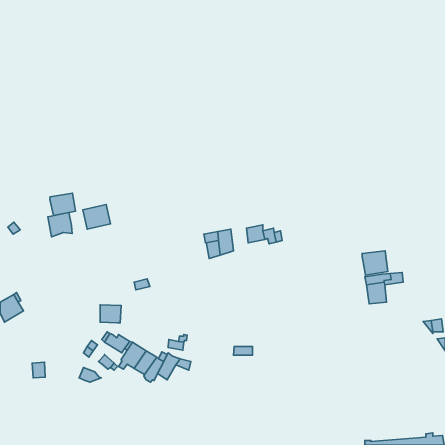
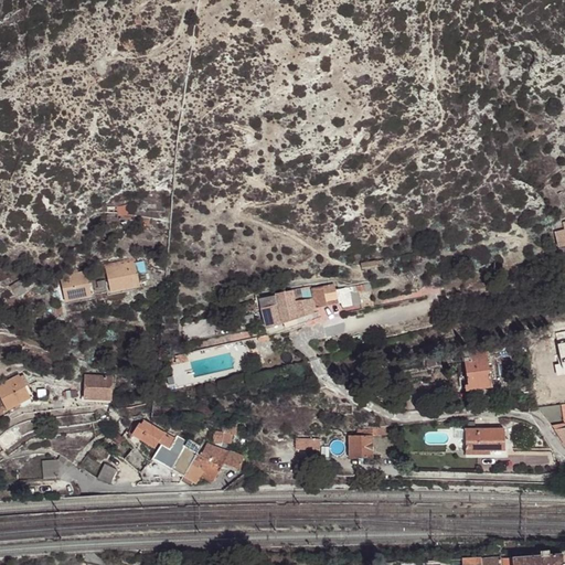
building: [50,193,76,216] -> none
building: none -> [292,288,315,318]
building: [362,251,388,275] -> none
building: [100,305,121,323] -> [84,375,110,398]
building: none -> [468,431,508,457]
building: none -> [348,435,372,458]

